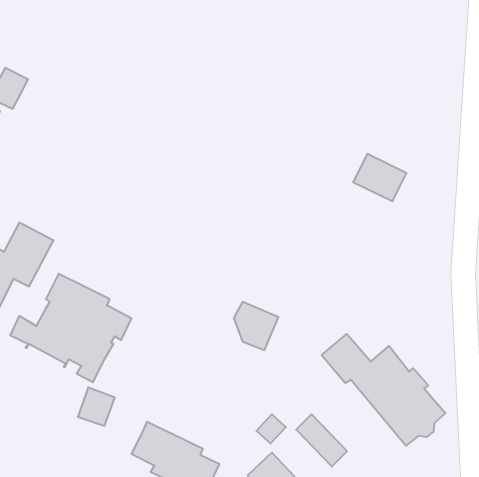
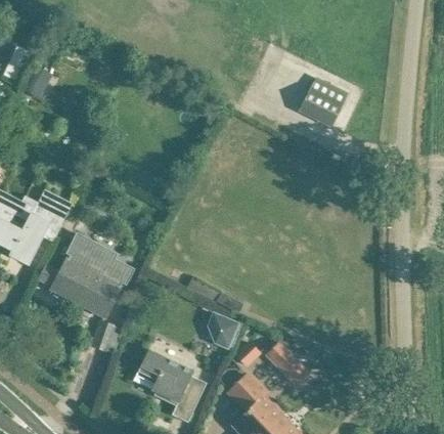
building: [353,154,407,201] -> [299,89,342,127]
building: [234,302,278,350] -> [206,313,241,352]
building: [322,334,445,446] -> none

